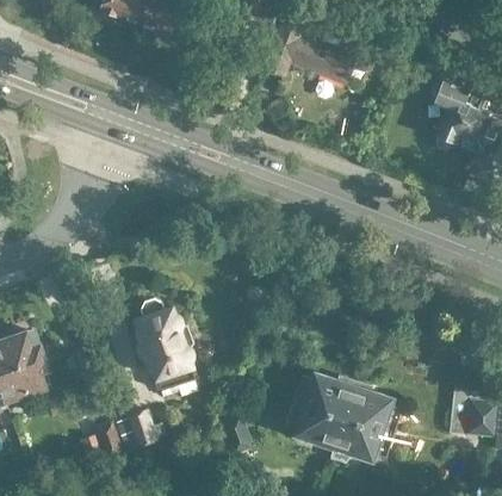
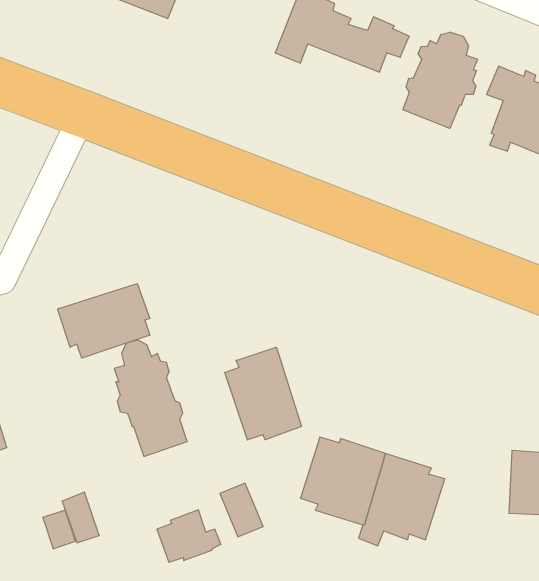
building: none -> [403,32,477,128]
building: none -> [58,284,150,358]
building: none -> [225,347,302,440]
building: [114,409,166,451] -> [157,510,221,562]

